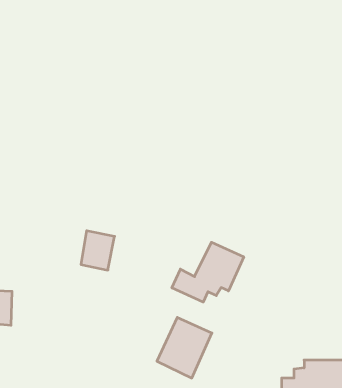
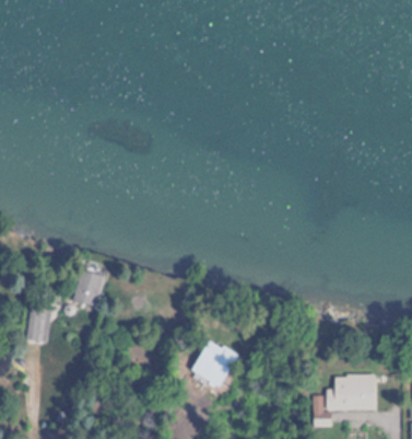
building: [81,231,115,270] -> [68,268,101,307]
building: [172,242,244,302] -> none

